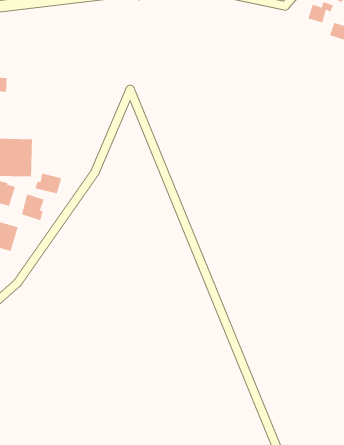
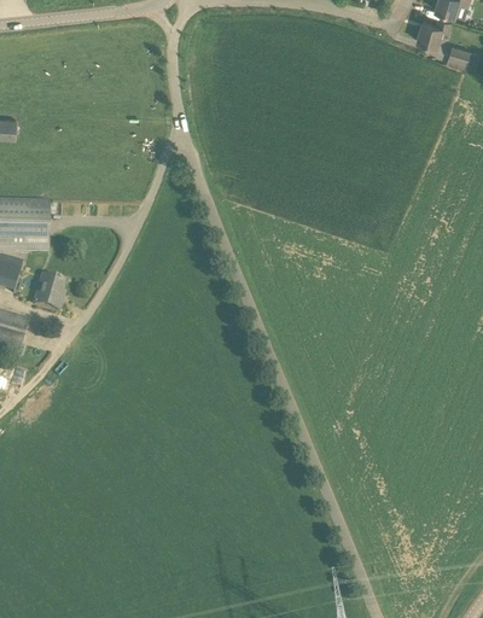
building: [35,173,62,194] -> none

